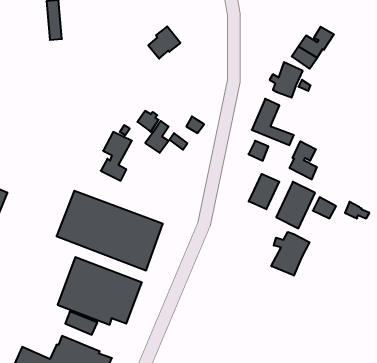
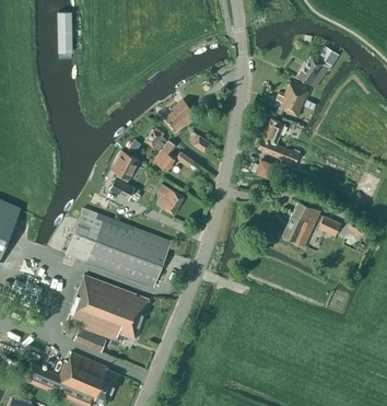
building: [148,26,180,59] -> [165,98,197,130]
building: [290,141,317,179] -> none
building: none -> [156,183,184,213]
building: [249,174,279,209] -> none
building: [271,232,310,276] -> none

